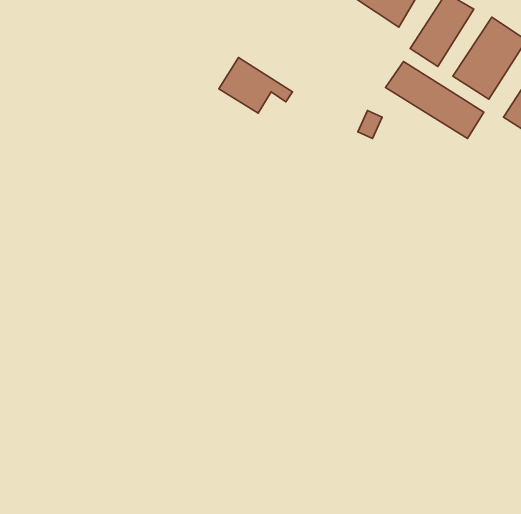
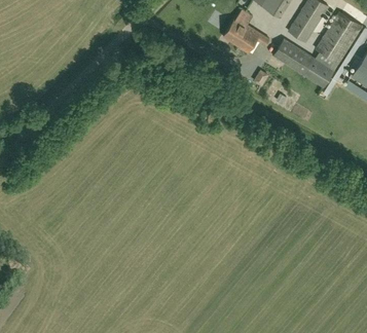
building: [219,58,292,113] -> [223,17,269,52]

